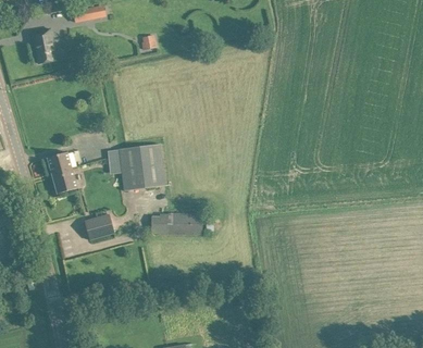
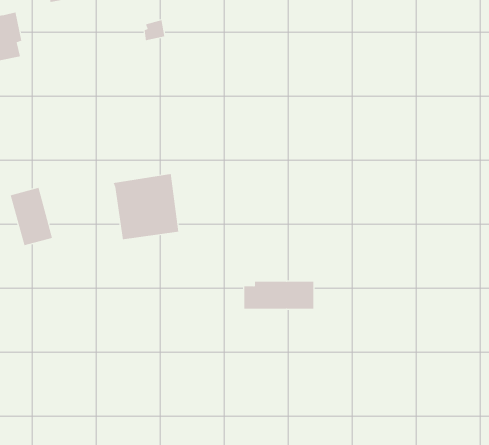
building: [152,212,202,232] -> [243,281,314,309]
building: [85,213,114,238] -> none

